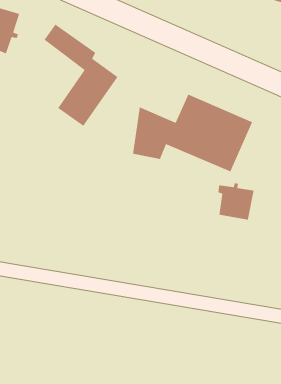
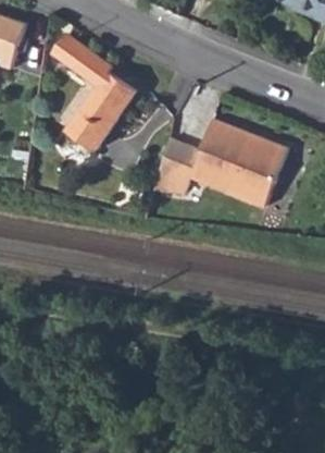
building: [218,183,254,220] -> none

